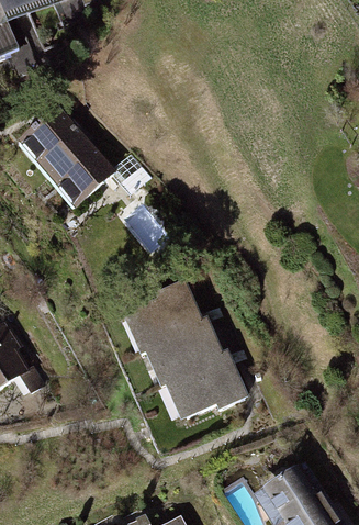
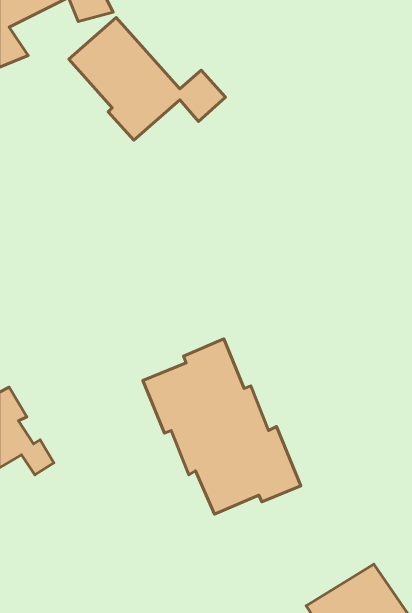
building: [22,107,149,206] -> [69,17,226,140]

